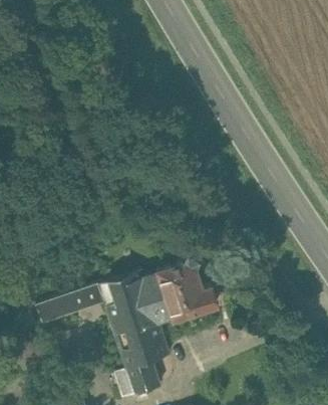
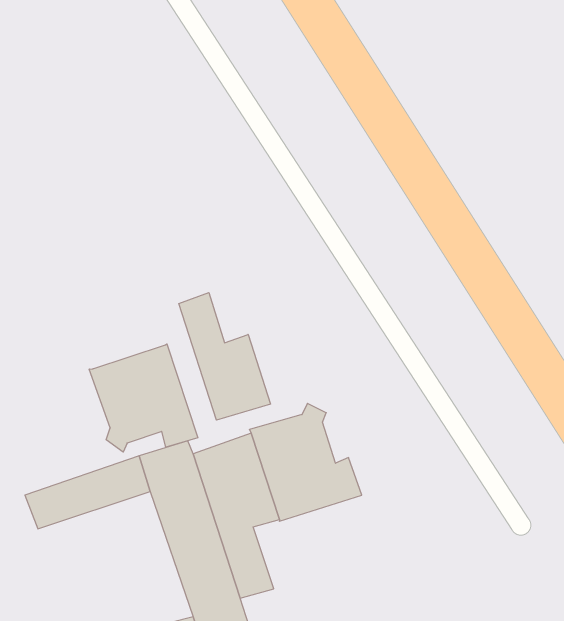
building: none -> [179,293,271,420]
building: none -> [89,344,198,452]

